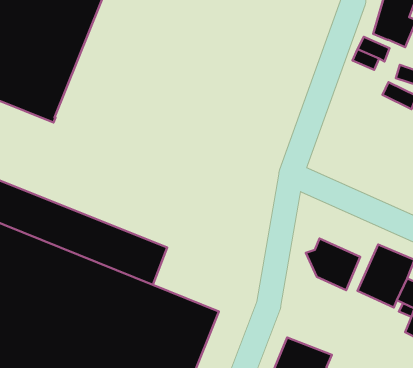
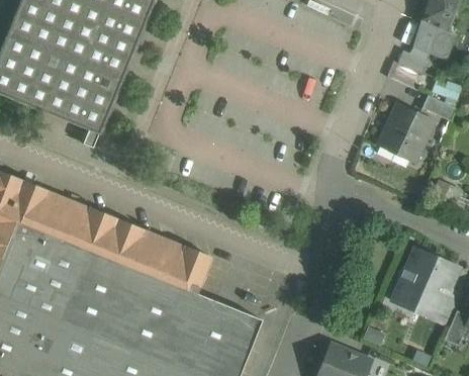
building: none -> [376,103,435,164]
building: [306,239,360,290] -> none

